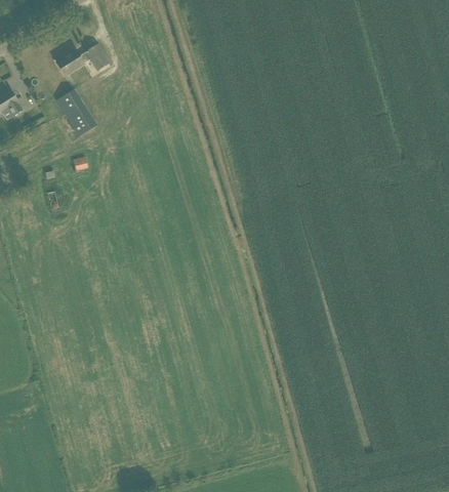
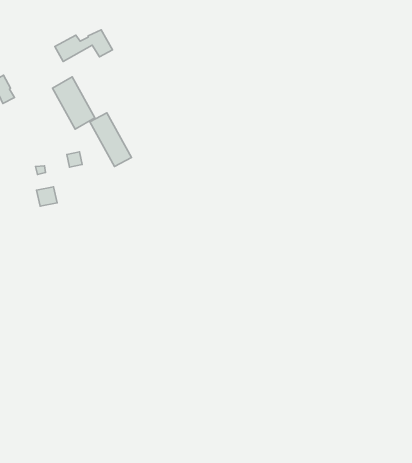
building: none -> [90,113,131,166]

